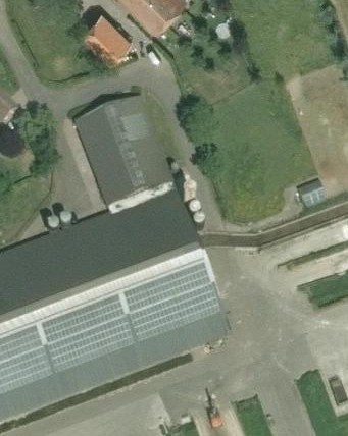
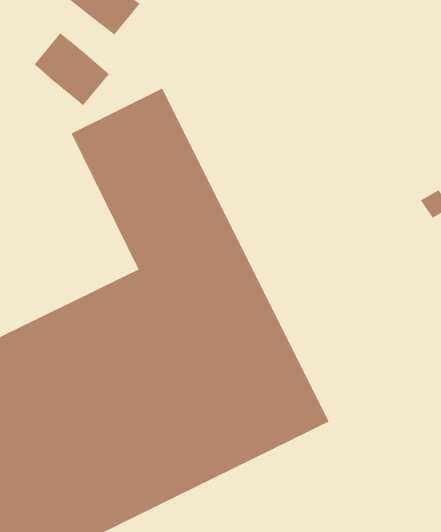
building: none -> [34,32,110,106]

